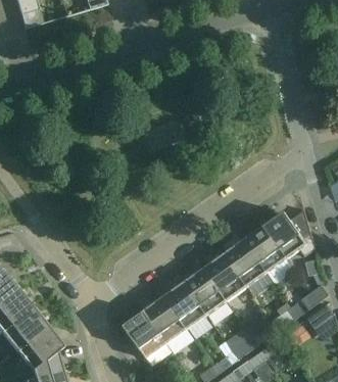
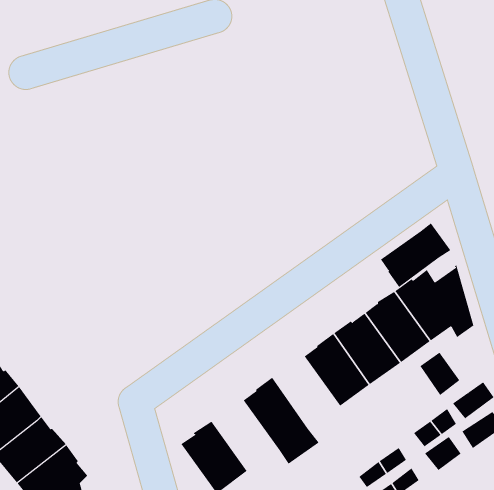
building: none -> [380,222,451,288]
building: [184,268,228,315] -> none
building: [144,296,188,342] -> none

